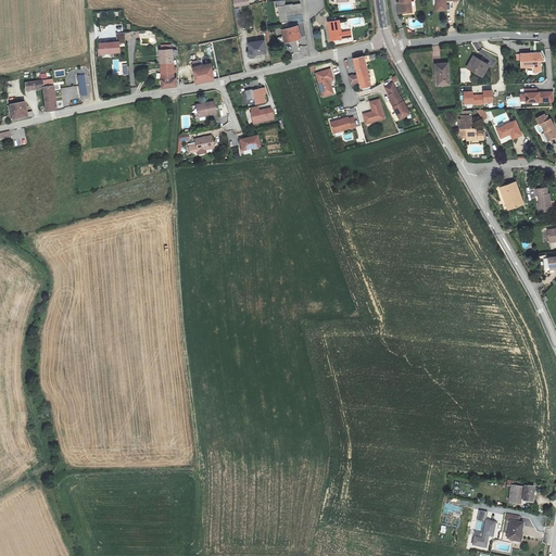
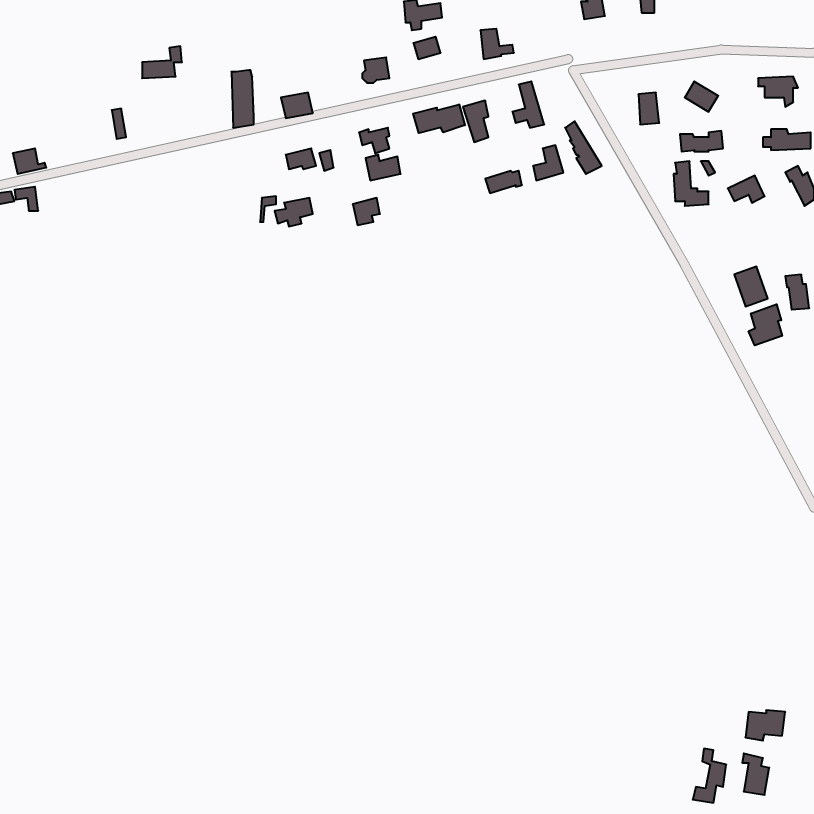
building: none -> [413,104,465,133]
building: [24,78,54,111] -> none
building: none -> [749,304,782,345]

